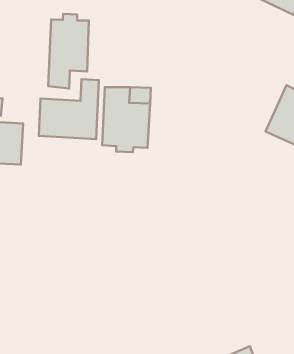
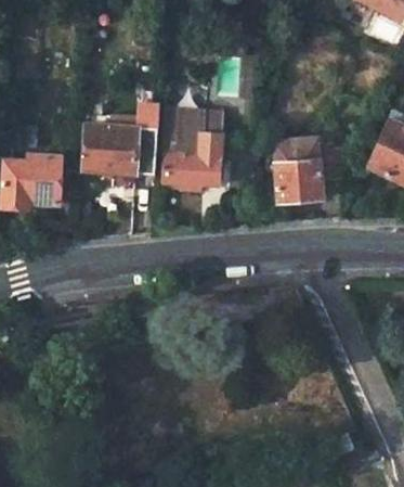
building: [48,14,89,88] -> none
building: none -> [275,138,342,204]

